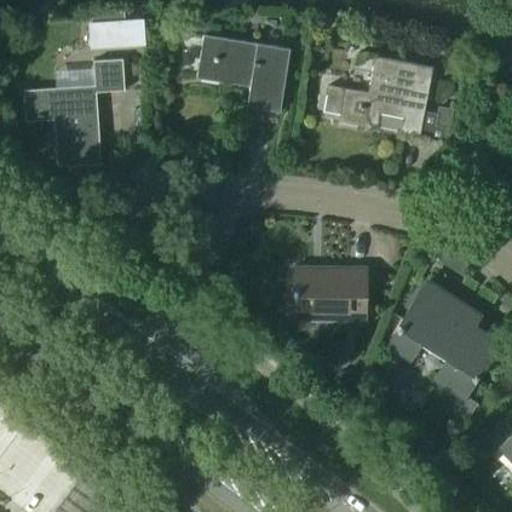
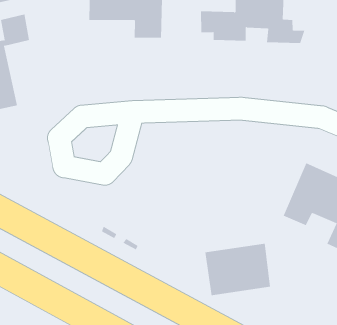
building: [294,267,367,320] -> [204,243,271,296]

